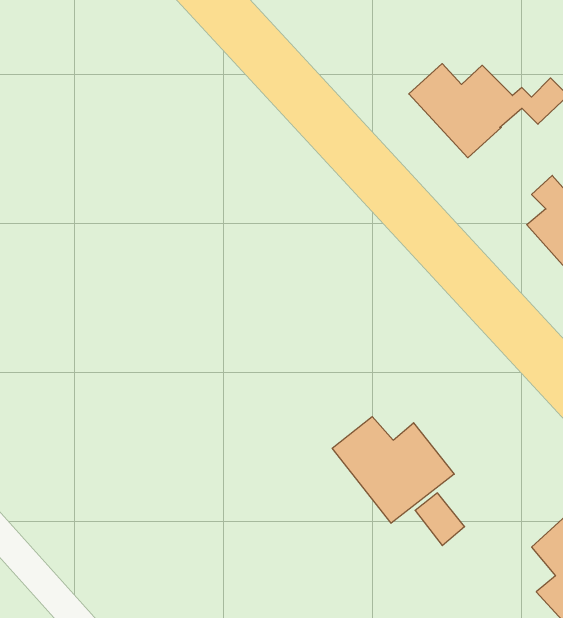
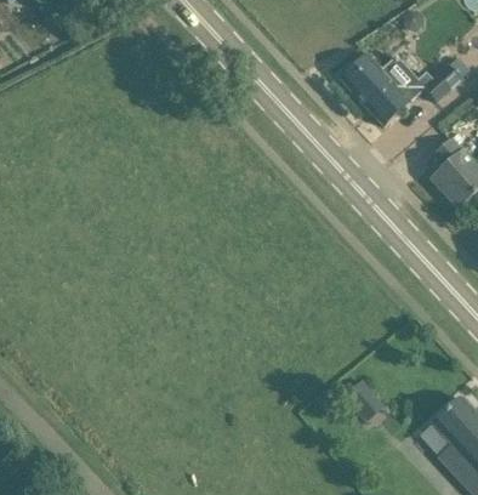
building: [332,417,454,523] -> none

